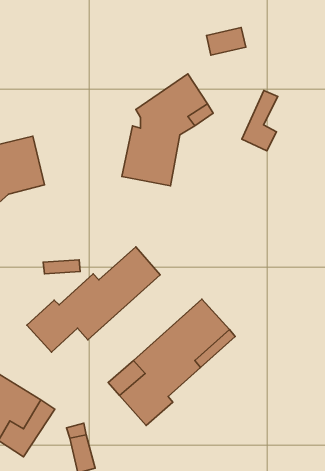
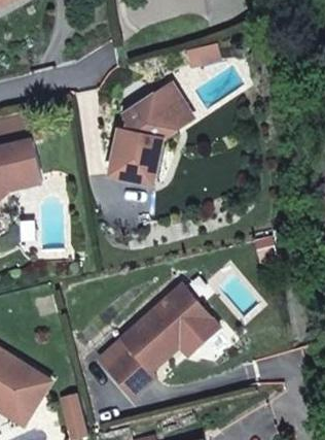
building: [242,90,278,151] -> none
building: [27,247,160,352] -> none

